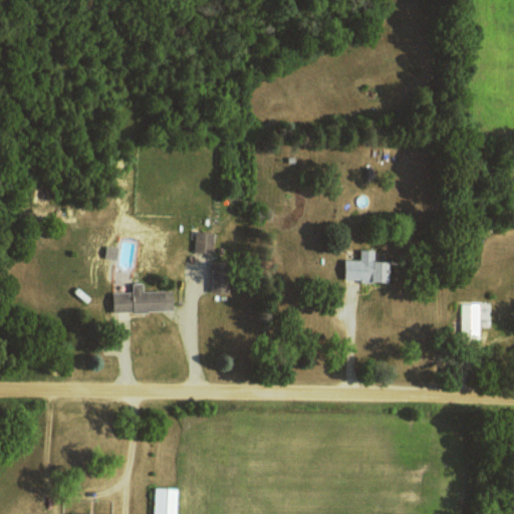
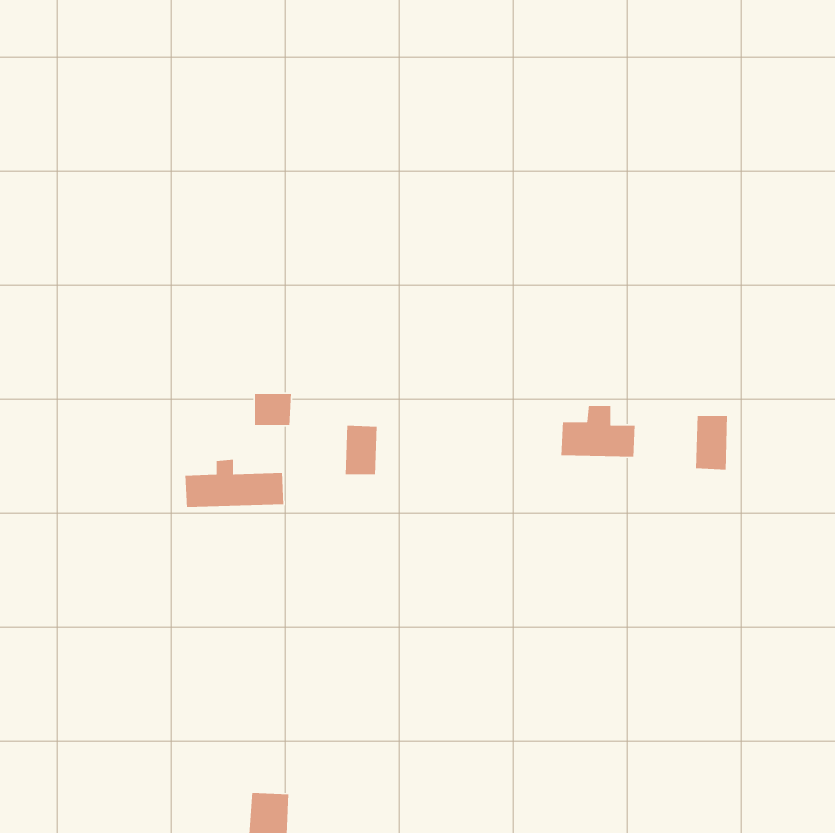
building: [195,233,218,253] -> [254,393,292,426]
building: [461,304,481,338] -> [695,415,728,471]

